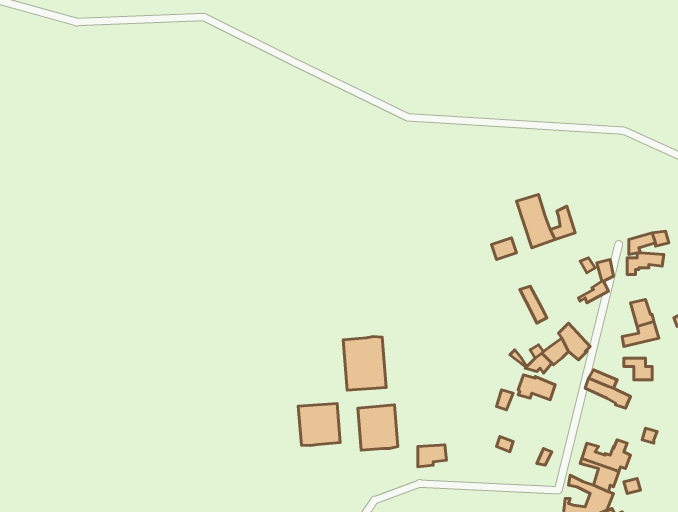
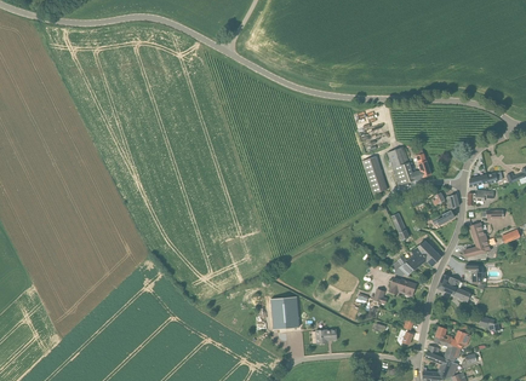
building: [343,337,386,390] -> none
building: [298,403,340,446] -> none

